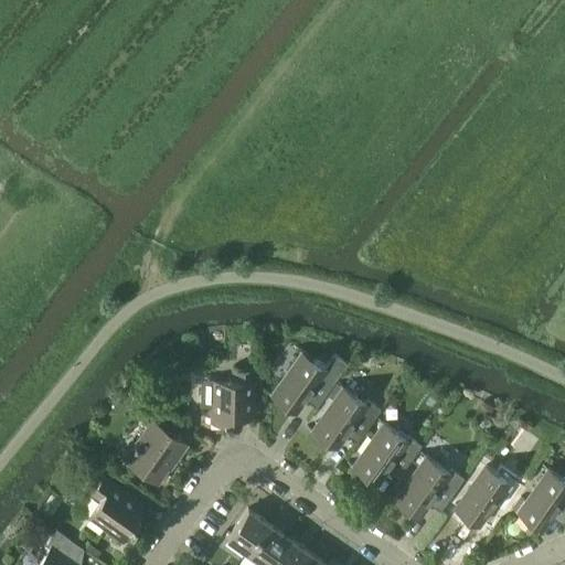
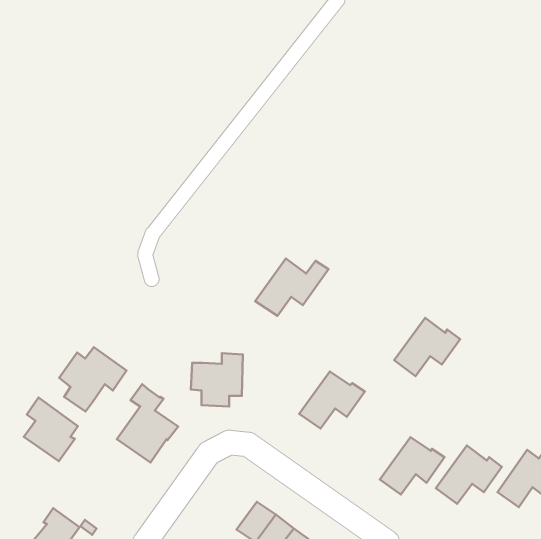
building: [271,354,348,414] -> [255,259,328,316]
building: none -> [59,347,126,412]
building: [353,425,422,486] -> [394,318,460,376]
building: [87,478,143,544] -> [24,397,78,461]
building: [227,511,268,554] -> none

